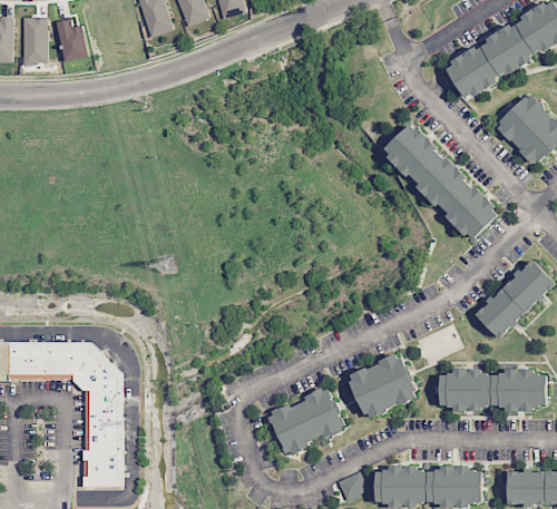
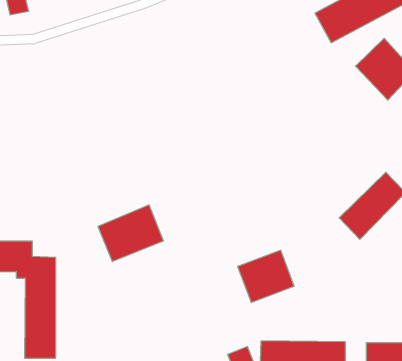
building: [383,120,500,242] -> none
building: [440,369,546,409] -> none
building: [265,385,346,456] -> [98,205,164,262]

